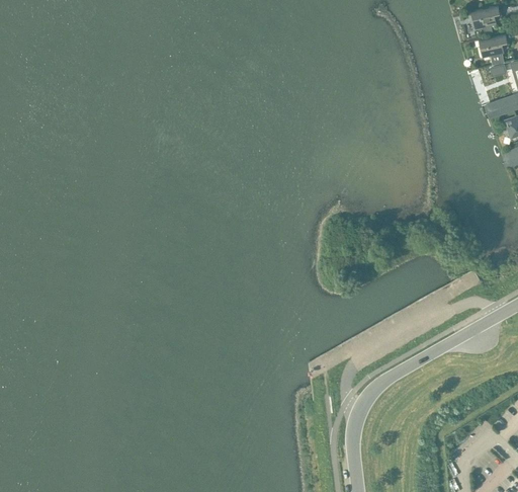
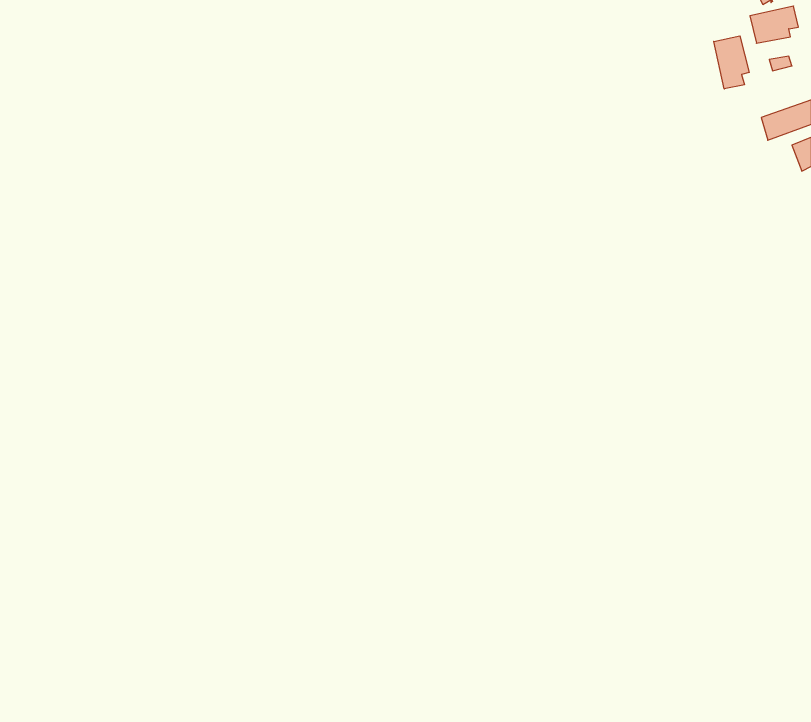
building: none -> [714,36,749,89]

